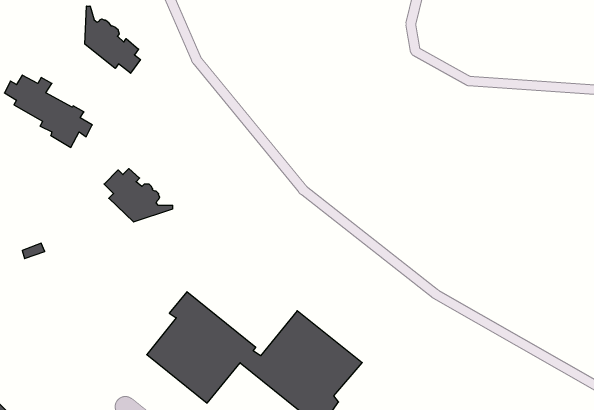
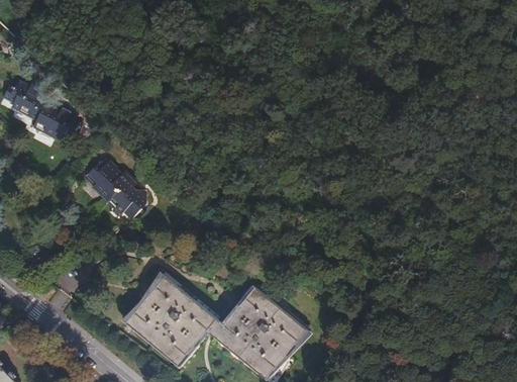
building: [85,6,140,73] -> none

